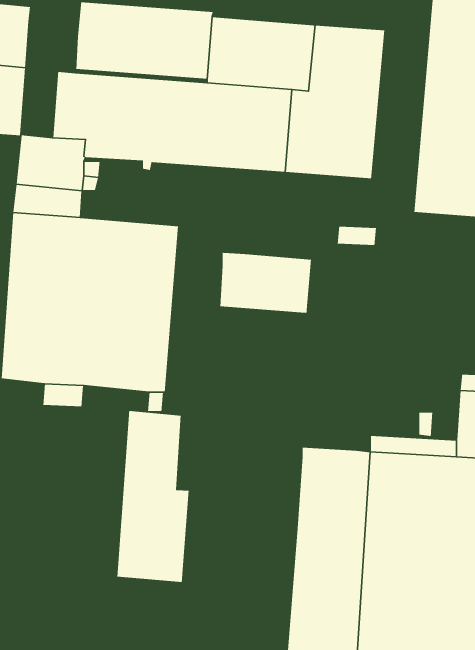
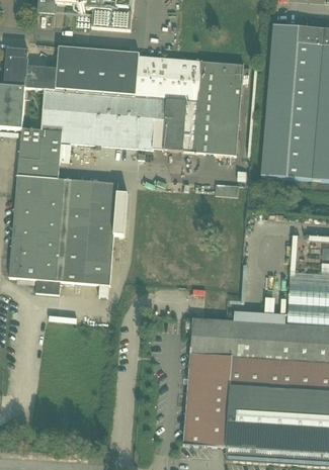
building: none -> [25,59,57,90]
building: [219,252,312,314] -> none
building: [117,410,190,583] -> none

